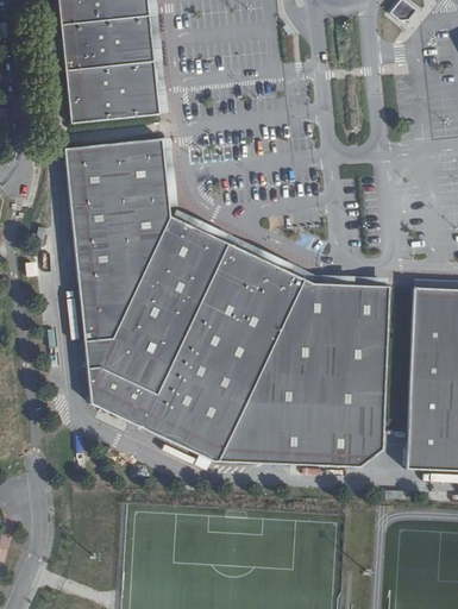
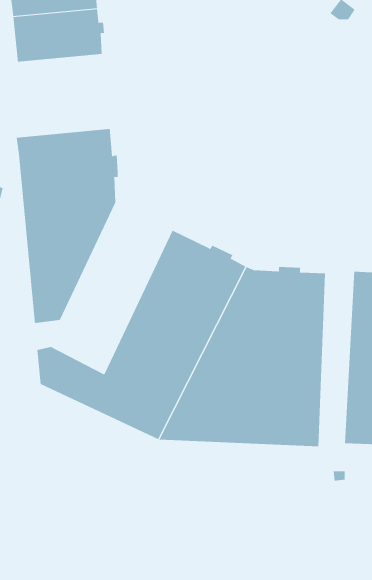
building: [63,59,159,118] -> none
building: [81,214,225,393] -> none

